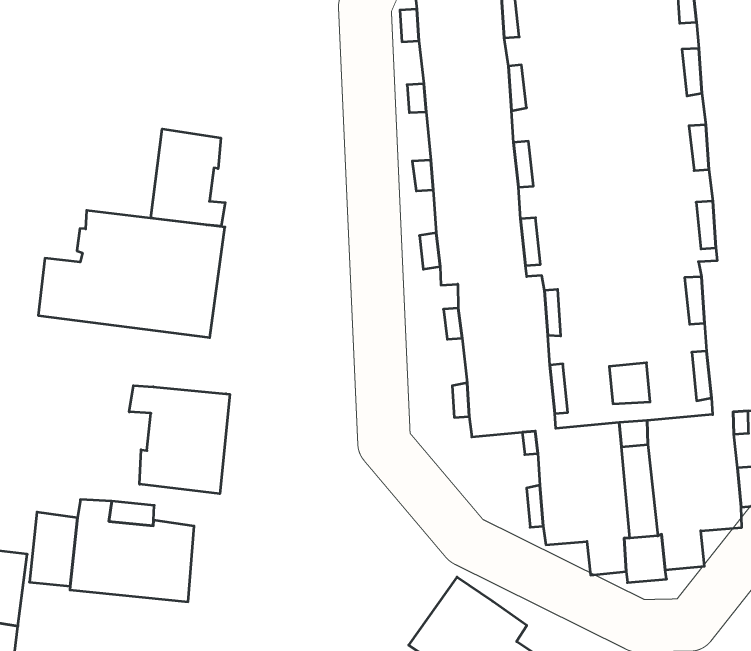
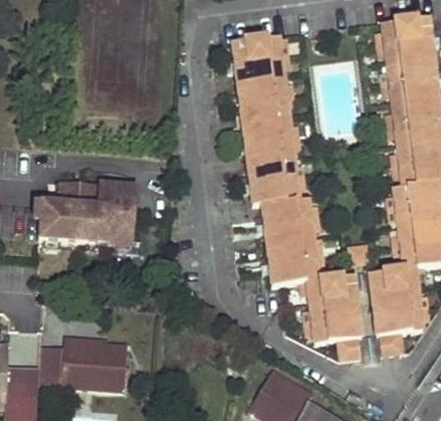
building: [151,129,225,226] -> none
building: [129,386,230,494] -> none

